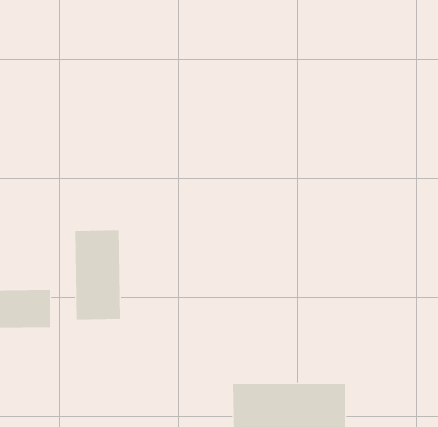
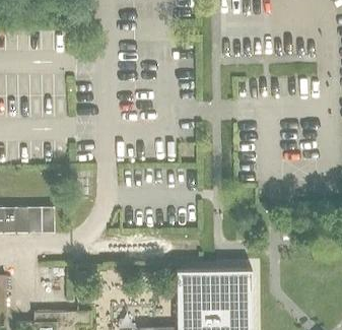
building: [75,229,120,321] -> none

